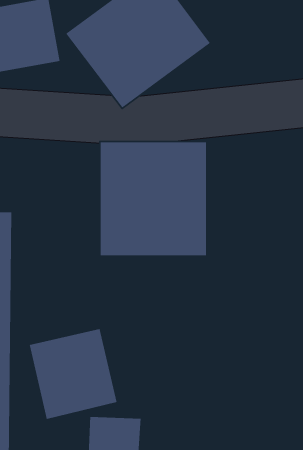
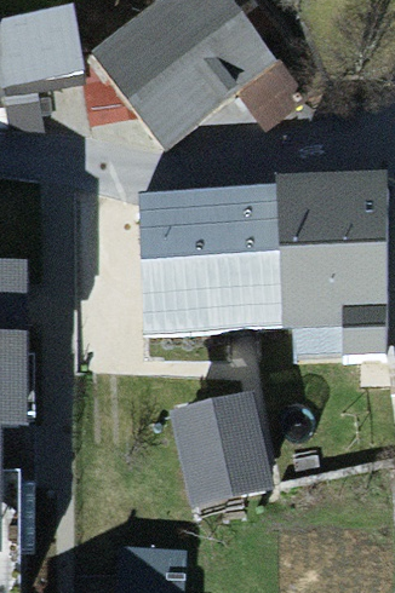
building: none -> [271,182,385,332]
building: [29,328,117,420] -> [167,392,279,507]

